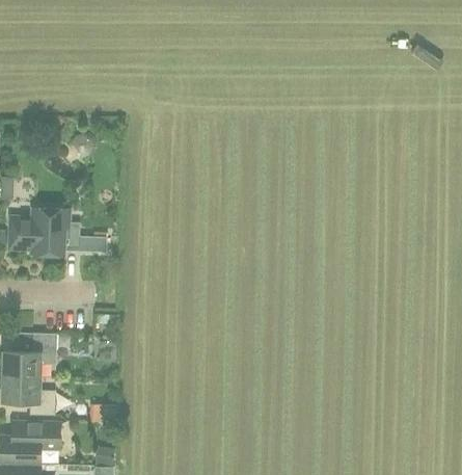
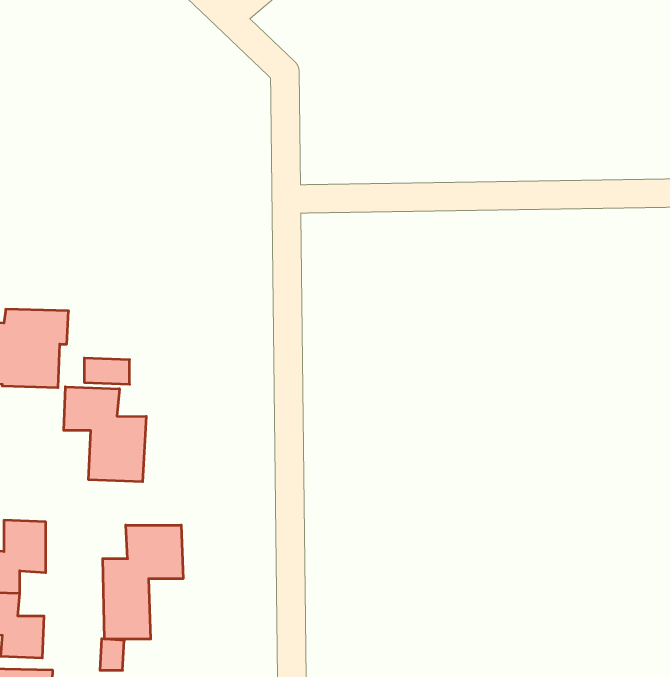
building: none -> [64,387,146,482]
building: none -> [103,525,183,639]

